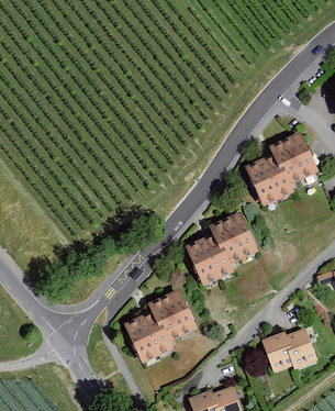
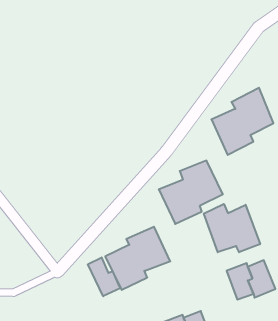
building: none -> [204,204,260,252]
building: none -> [88,257,120,296]

